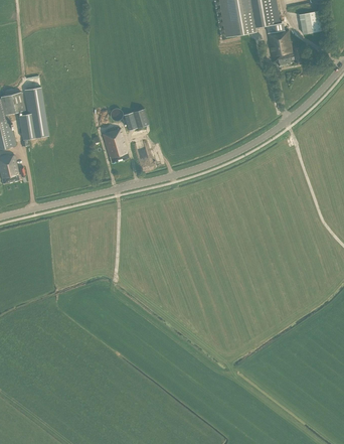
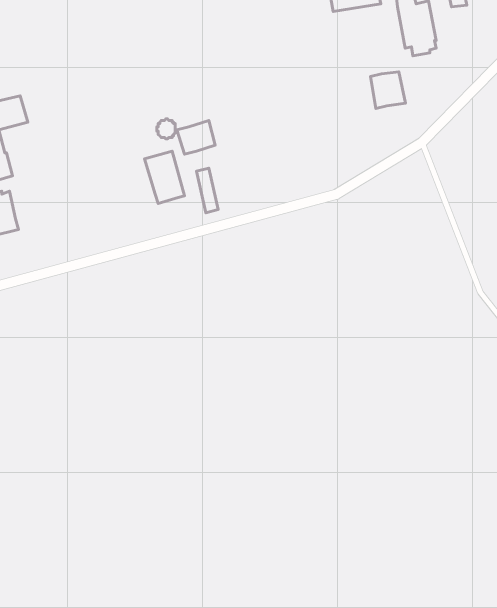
building: none -> [371,72,405,108]
building: [18,112,37,139] -> none

